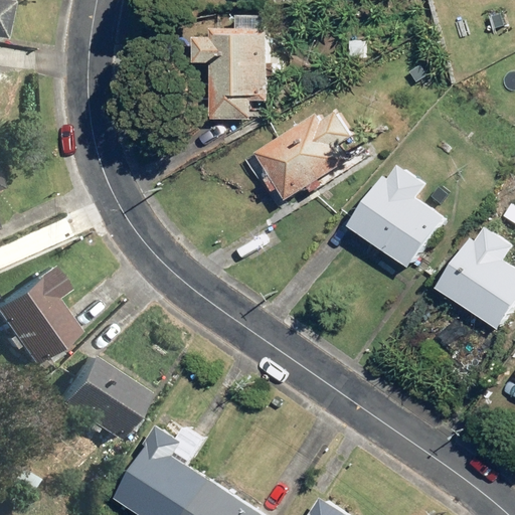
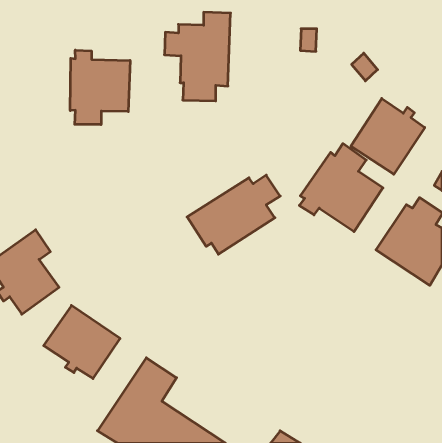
building: none -> [70,50,130,125]
building: [246,110,354,201] -> [187,175,280,254]
building: none -> [351,98,425,174]

